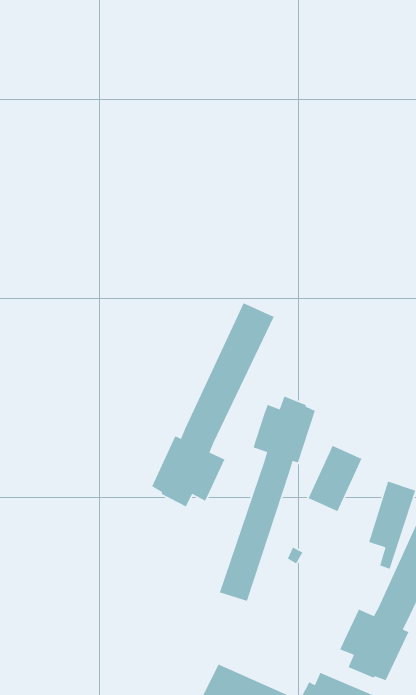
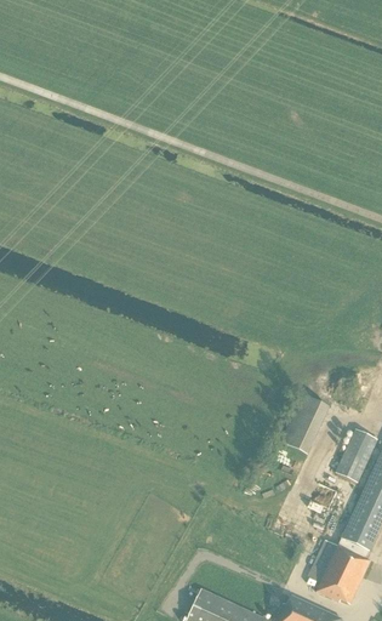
building: [151,302,275,507] -> none
building: [219,396,316,602] -> none

